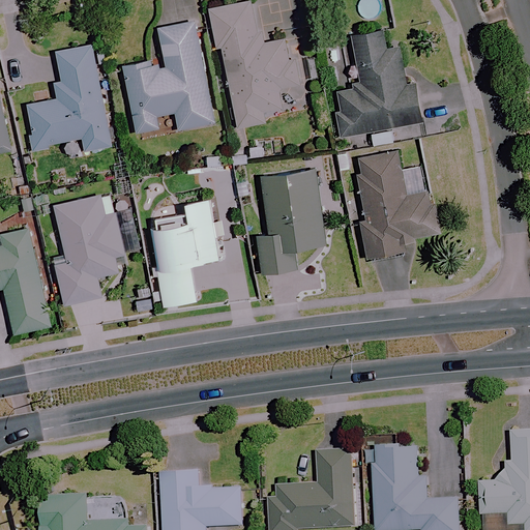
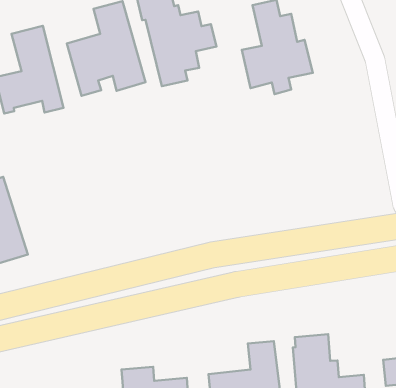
building: [355,148,443,258] -> none
building: [252,169,324,274] -> none
building: [58,197,124,304] -> none
building: [152,199,217,306] -> none

